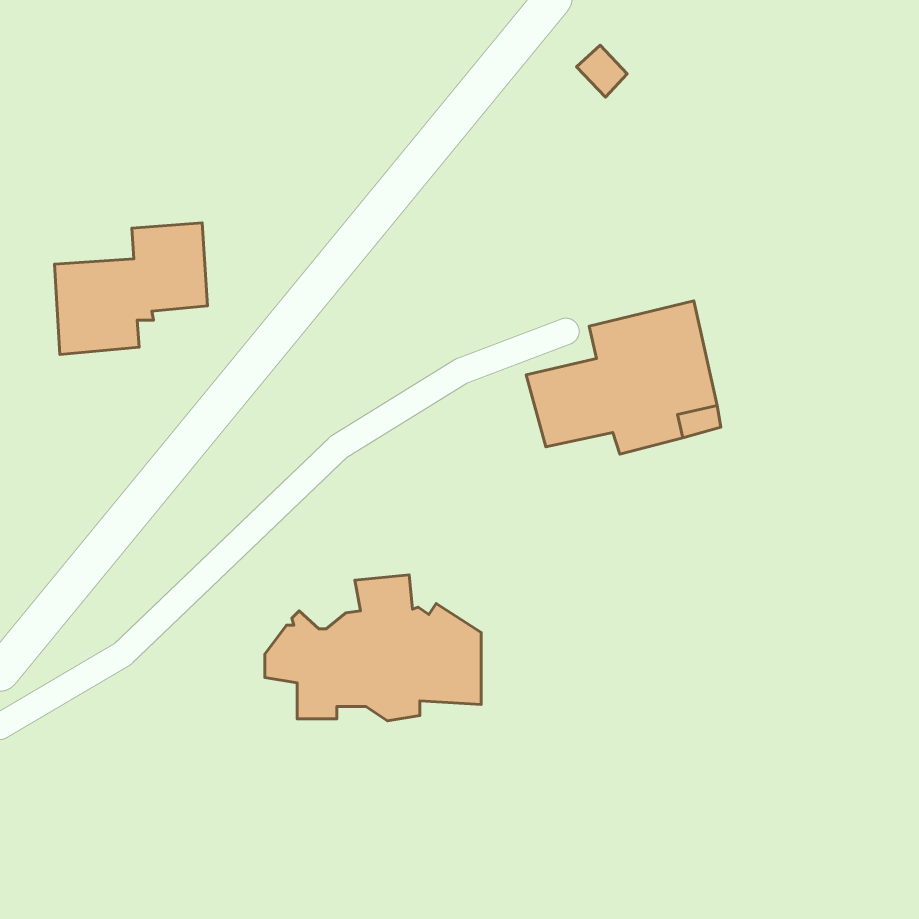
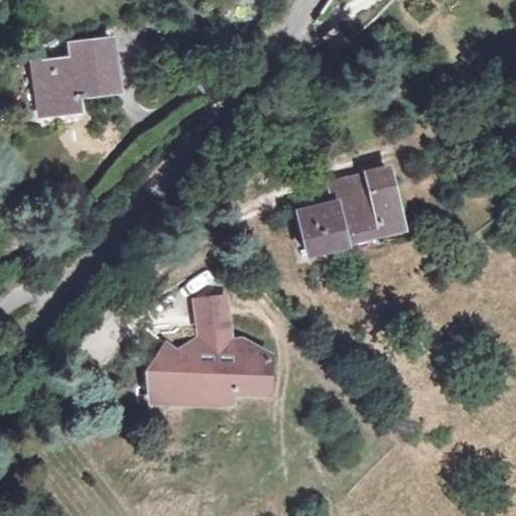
building: [54,223,208,354] -> [30,39,116,113]
building: none -> [197,296,230,325]

